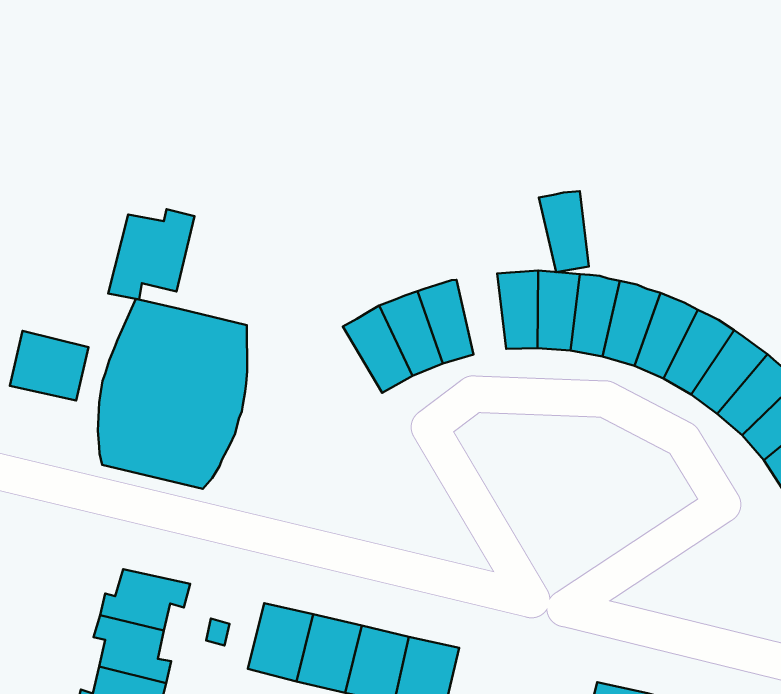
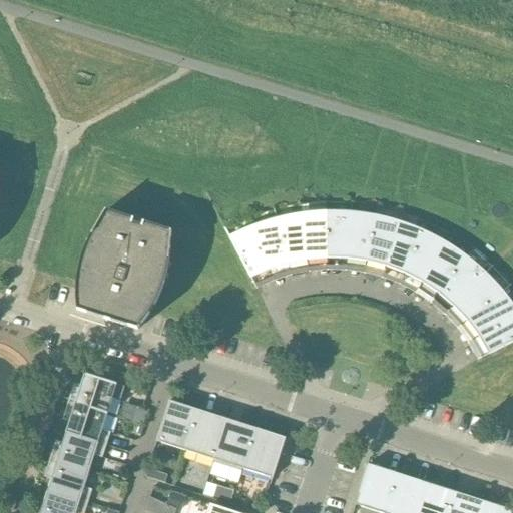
building: [539,191,589,272] -> [302,210,329,259]
building: [108,209,194,300] -> none
building: [10,331,88,400] -> none

